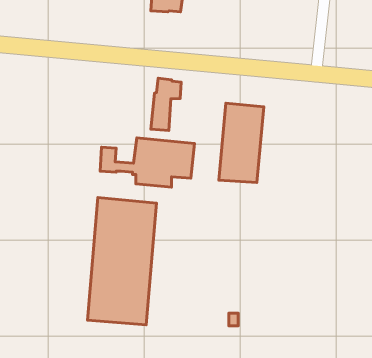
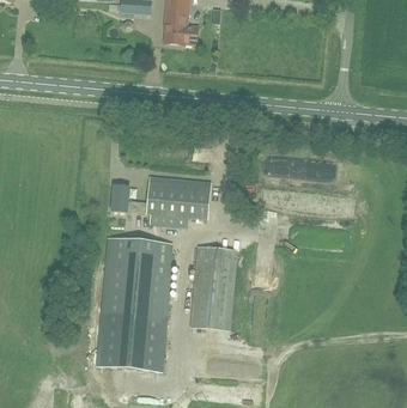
building: [151,78,181,131] -> none
building: [219,103,264,182] -> [190,245,237,328]

